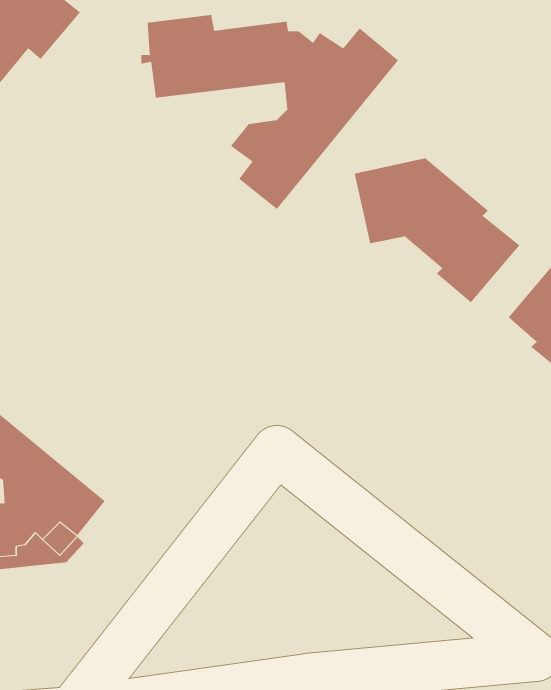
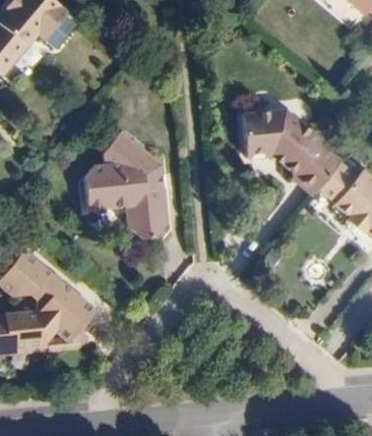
building: [141,14,399,210] -> none
building: none -> [82,131,165,239]

